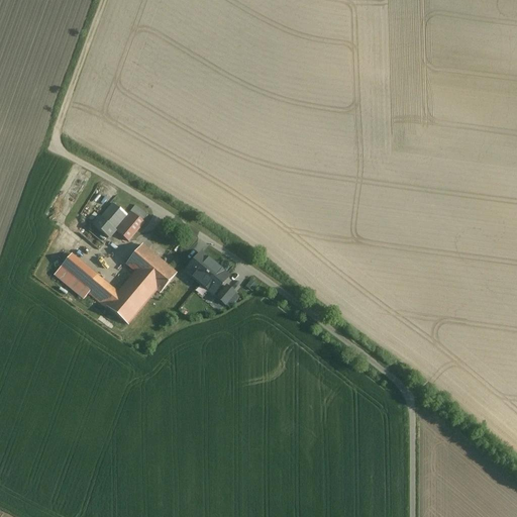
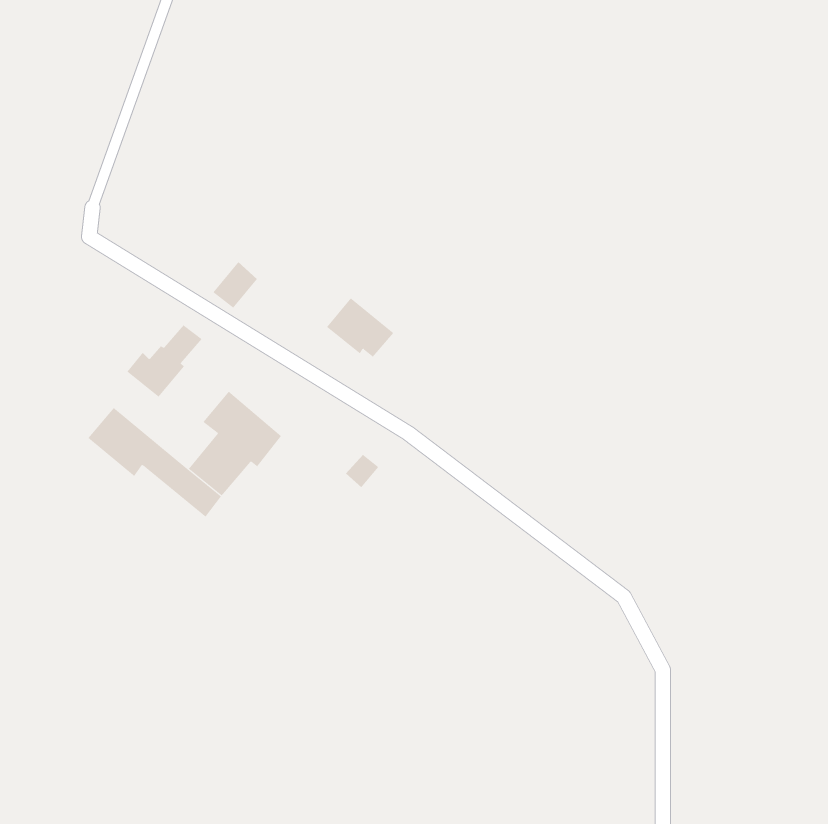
building: [115,209,143,238] -> [212,261,258,308]
building: [186,251,228,289] -> [326,298,394,358]

